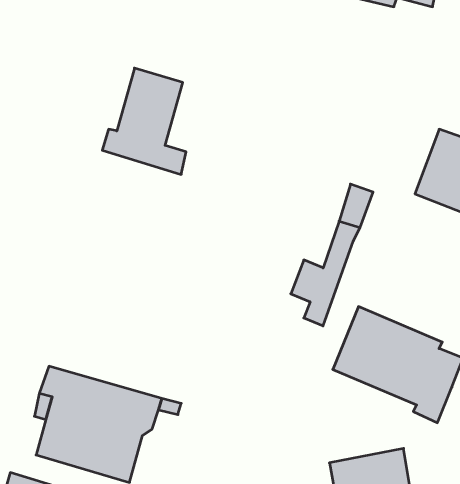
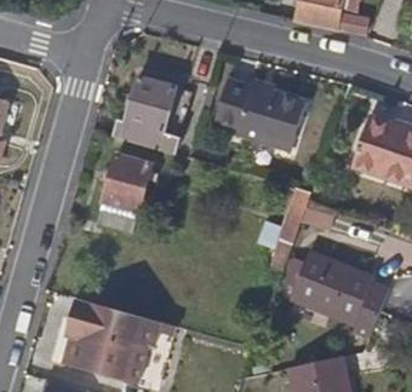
building: none -> [212,80,309,155]
building: none -> [98,155,151,234]

